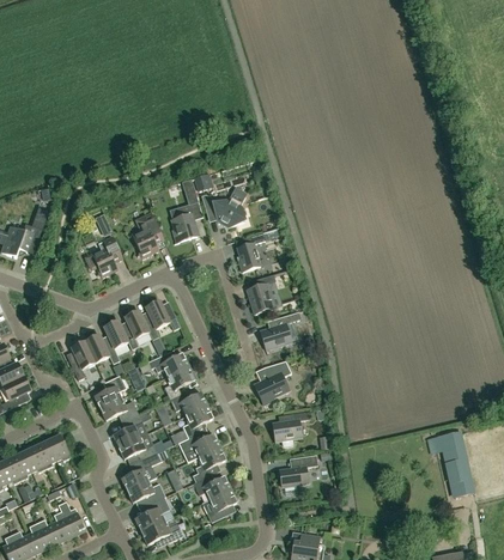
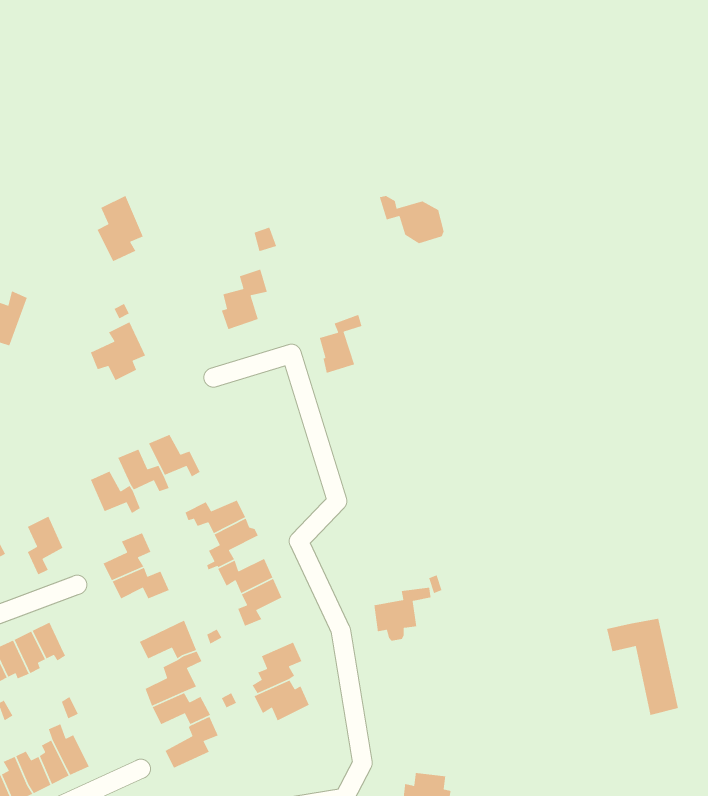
building: [200,194,243,226] -> [379,195,444,244]
building: [132,212,163,256] -> [97,195,144,262]
building: [245,273,275,312] -> none
building: [145,299,180,329] -> none
building: [260,314,291,348] -> none
building: [71,340,95,379] -> [27,515,63,576]
building: [254,360,291,403] -> none
building: [111,410,150,446] -> none
building: [177,433,219,461] -> none
building: [279,454,316,486] -> none
building: [206,488,236,522] -> none
building: [140,519,182,543] -> none

